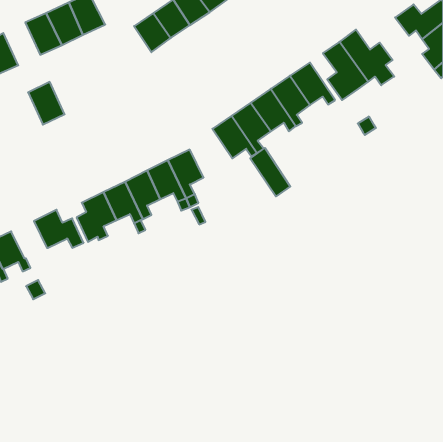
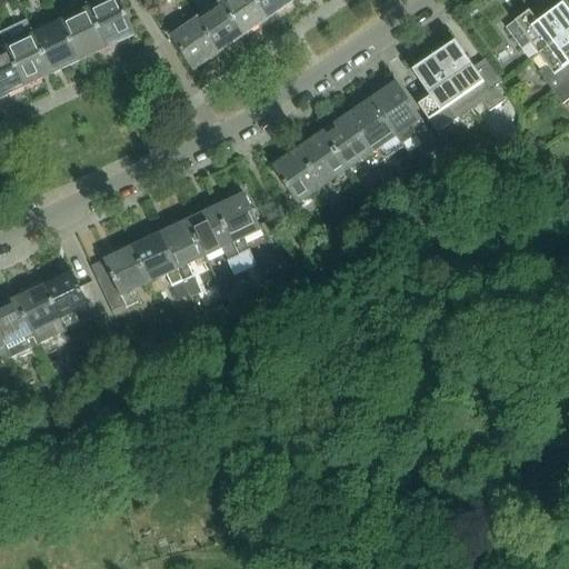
building: [28,82,65,125] -> [4,29,51,83]
building: [250,148,290,196] -> none
building: none -> [14,282,67,333]

